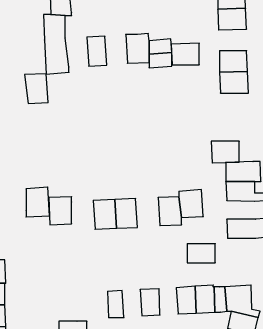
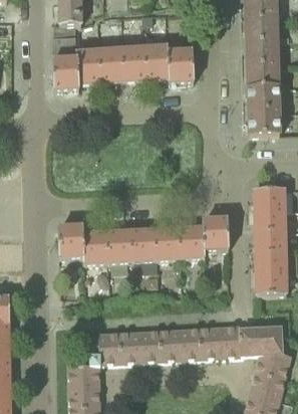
building: none -> [119,46,144,80]
building: [171,43,199,65] -> [246,40,277,64]
building: [25,74,48,103] -> [75,49,101,82]
building: [211,141,239,163] -> [248,112,279,136]
building: [26,187,50,217] -> [82,231,108,264]
building: none -> [154,228,181,261]
building: none -> [255,231,287,252]
building: [187,244,215,263] -> [256,273,287,294]
building: none -> [180,329,201,359]
building: none -> [138,331,161,362]
building: none -> [87,333,123,366]

